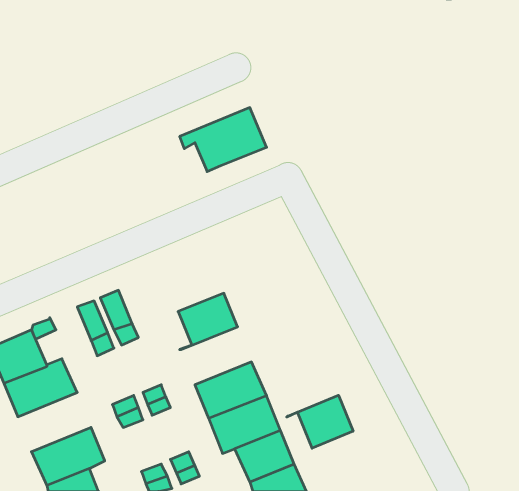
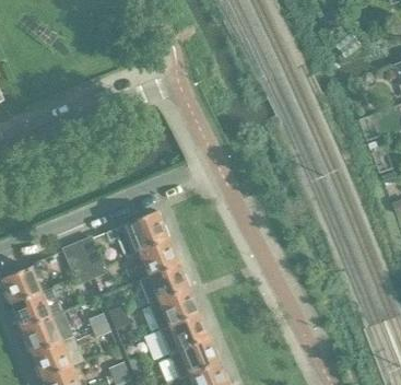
building: [180,108,267,172] -> [105,211,167,257]
building: none -> [137,264,187,305]
building: none -> [20,311,72,353]
building: [287,395,353,448] -> none

